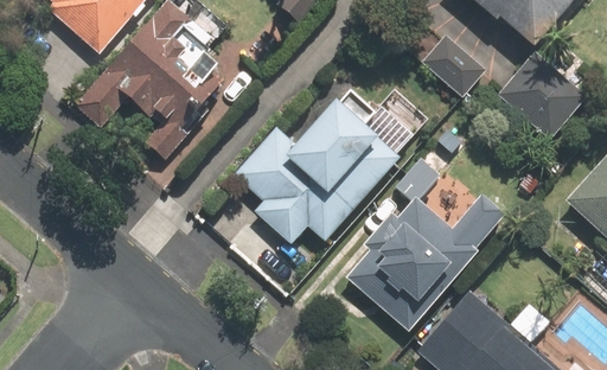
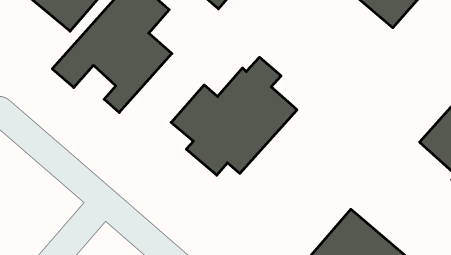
building: [421,31,490,97] -> none
building: [497,47,590,140] -> none
building: [345,155,509,332] -> none

